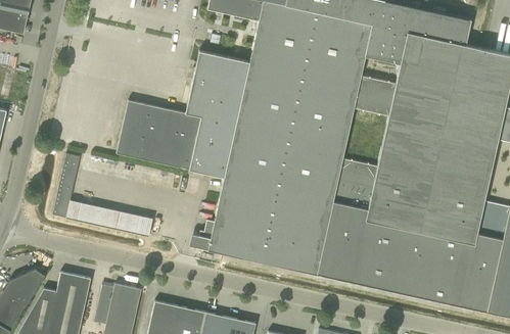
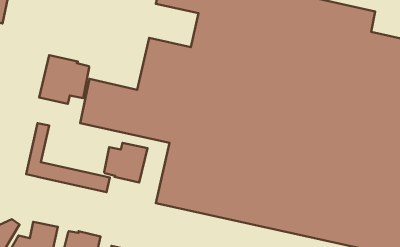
building: none -> [39,55,89,104]
building: none -> [104,143,147,183]

